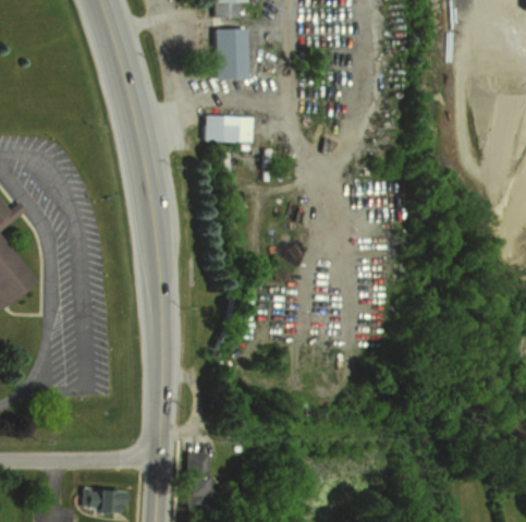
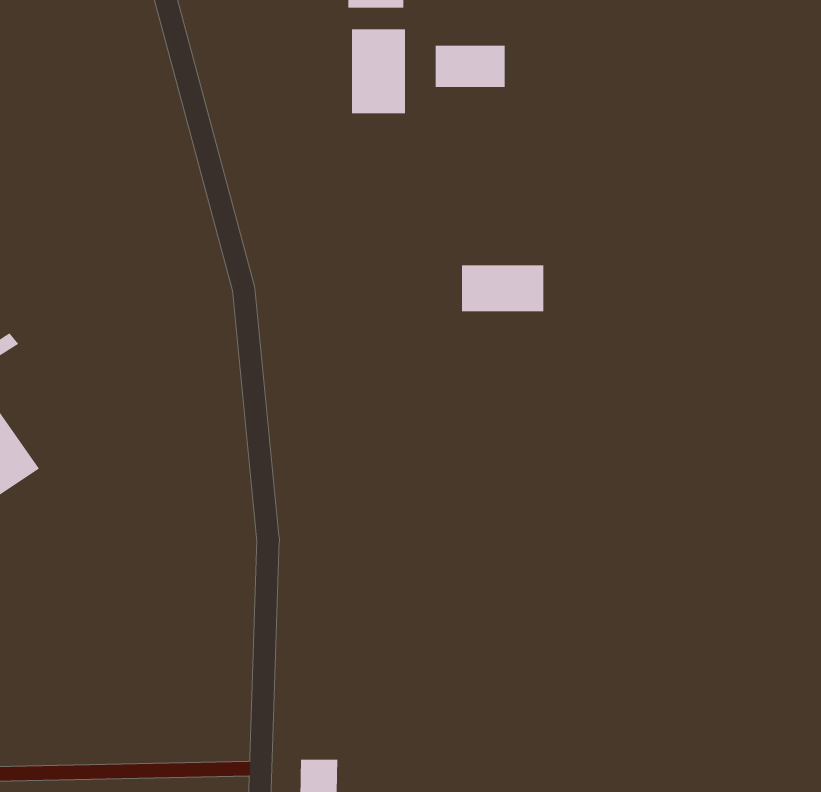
building: none -> [435,45,505,88]
building: [205,114,253,142] -> [461,265,544,312]

